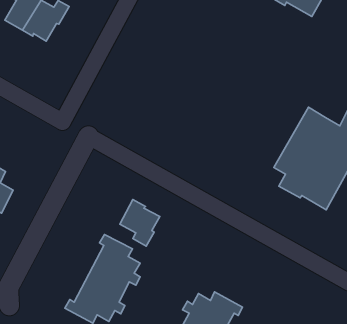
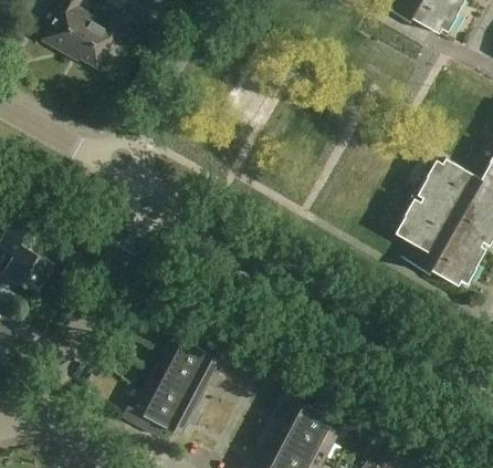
building: [120,200,160,246] -> none

